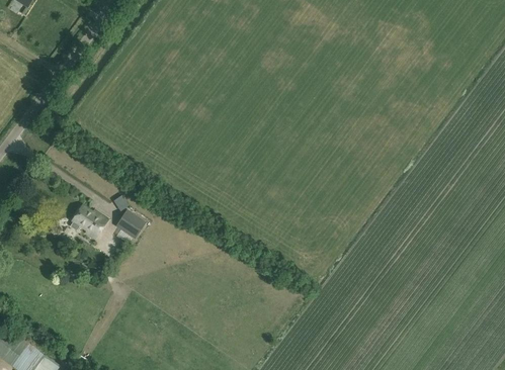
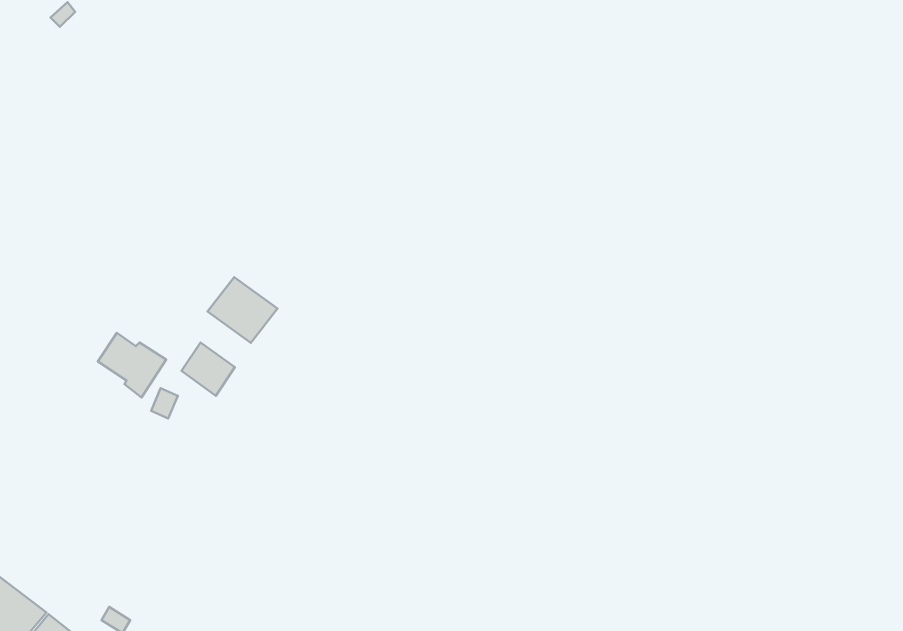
building: none -> [207,277,278,343]

